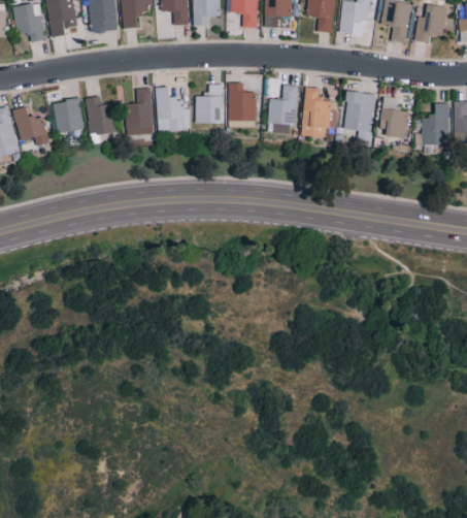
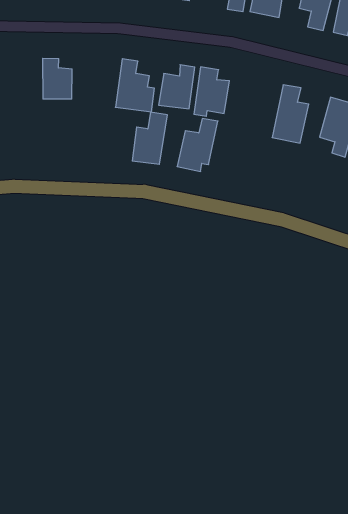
building: [268,85,298,132] -> [177,119,218,171]
building: [127,88,153,134] -> [132,112,167,164]
building: [55,99,84,132] -> none

